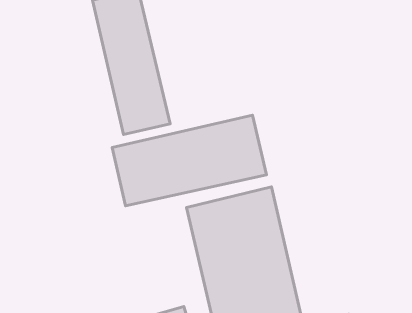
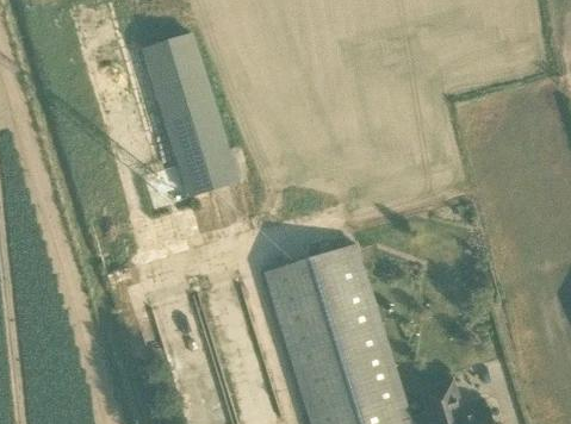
building: [112,115,266,206] -> none

